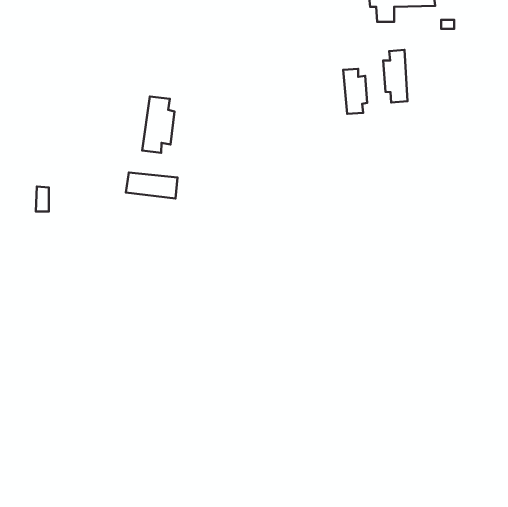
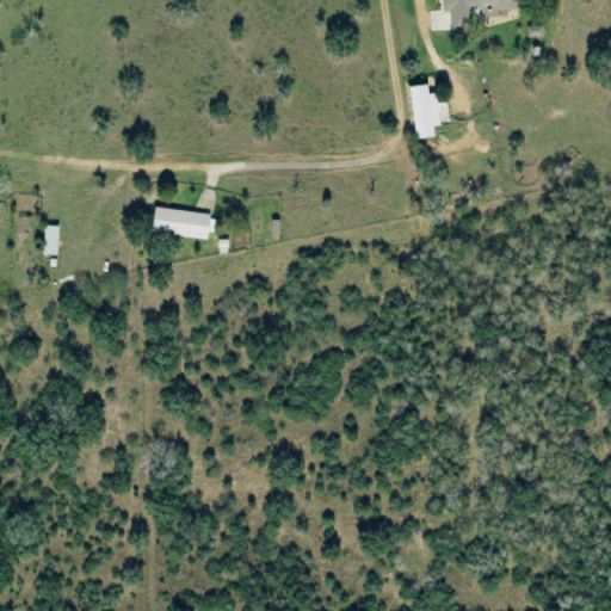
building: [383,50,407,103] -> none
building: [142,97,174,153] -> none

